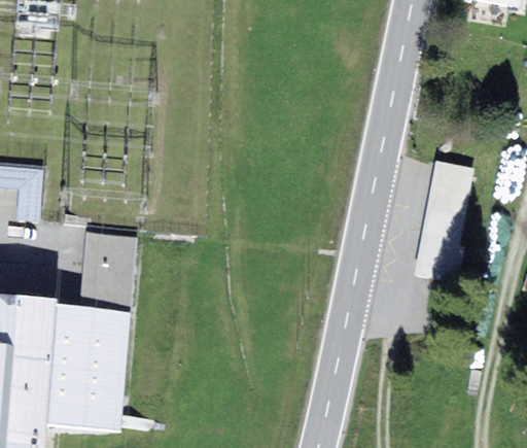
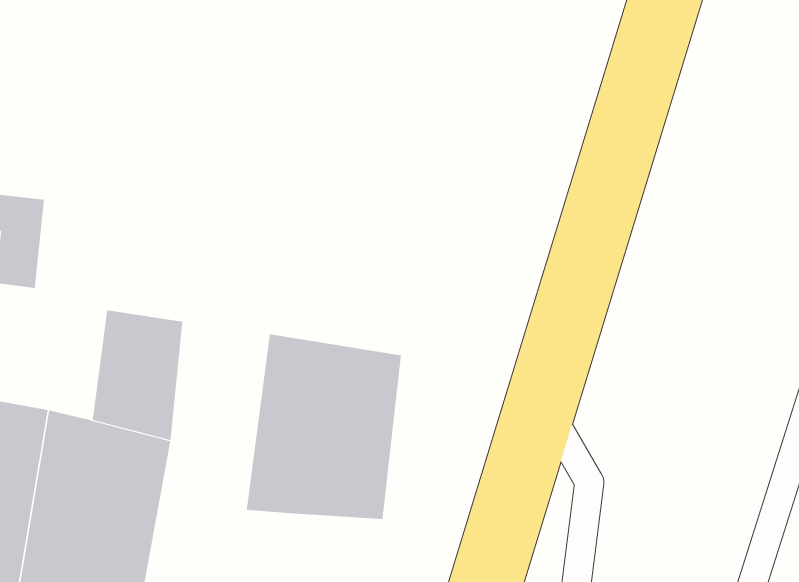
building: [414,160,475,283] -> none
building: none -> [246,333,401,520]

